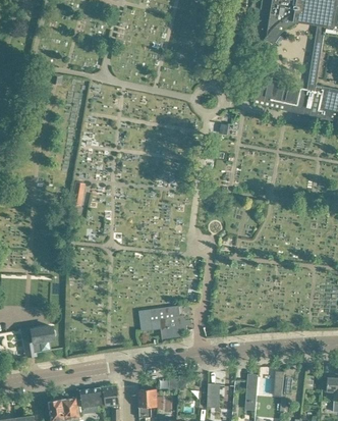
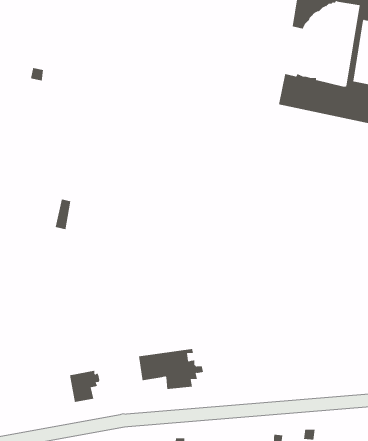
building: [30,326,55,353] -> [69,370,100,402]

